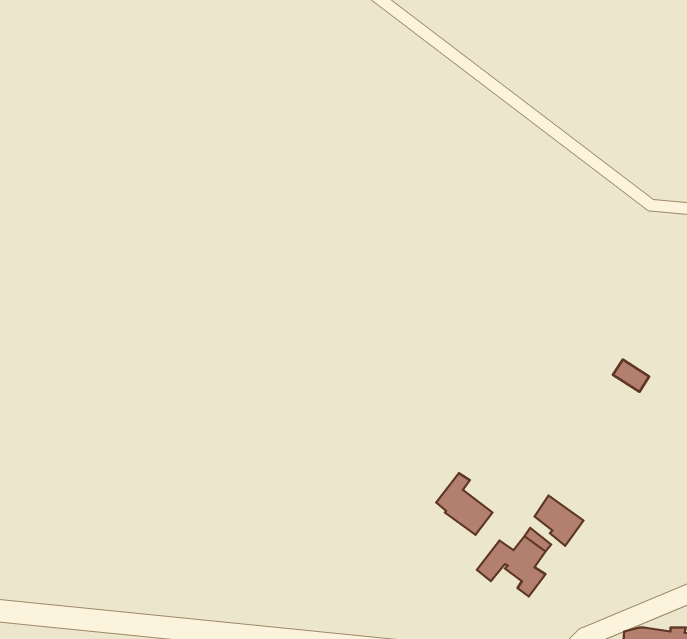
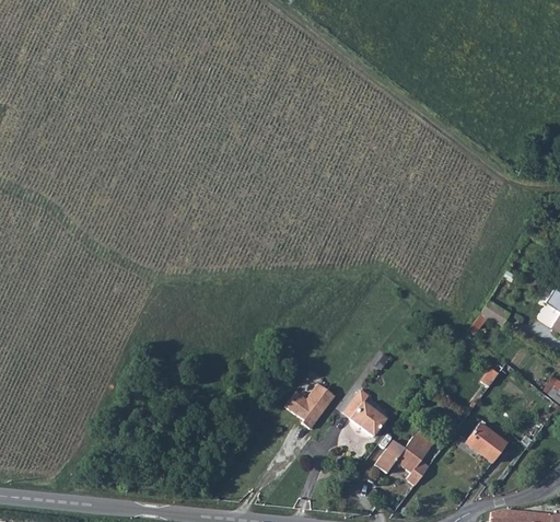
building: none -> [285,384,335,430]
building: [534,495,583,546] -> [468,422,506,462]

